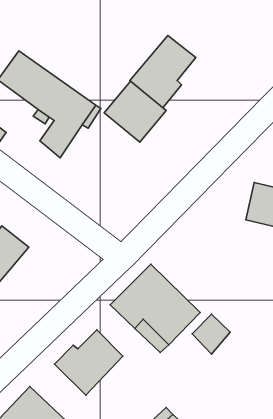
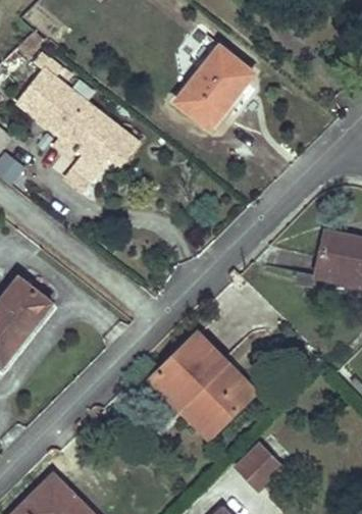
building: [104,81,166,142] -> none
building: [192,314,230,354] -> [237,441,282,489]
building: [54,330,123,395] -> none

